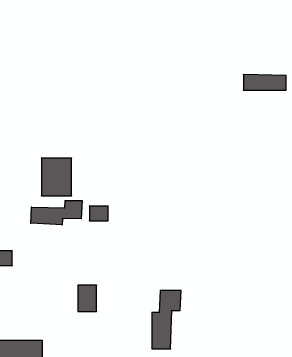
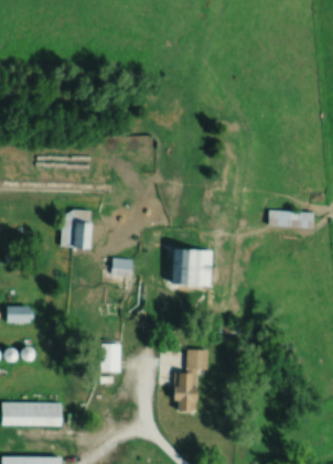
building: [243,75,286,90] -> [269,211,314,227]
building: none -> [171,249,213,285]
building: [31,201,82,225] -> none

